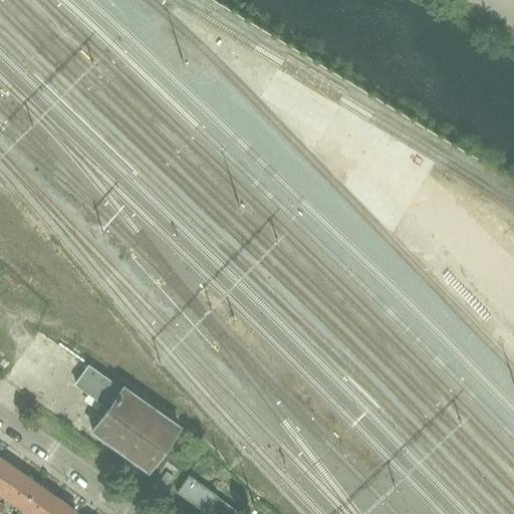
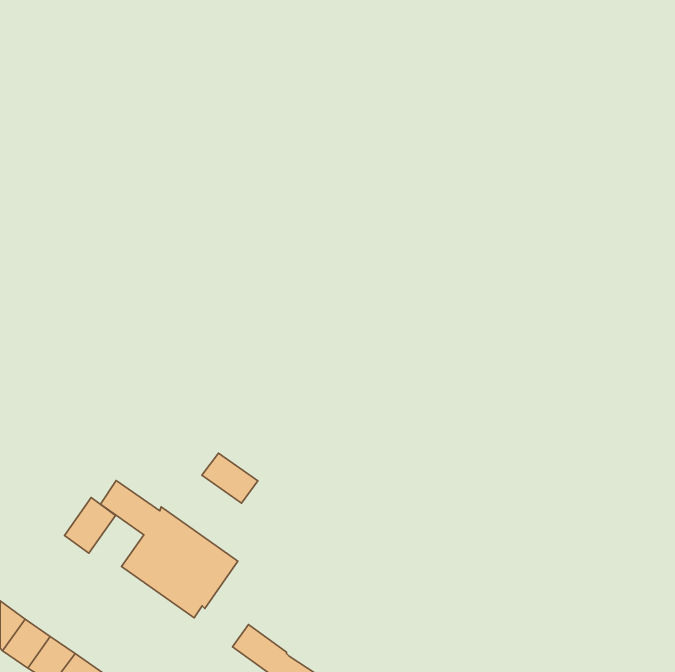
building: none -> [202,453,258,503]
building: none -> [64,498,116,553]

